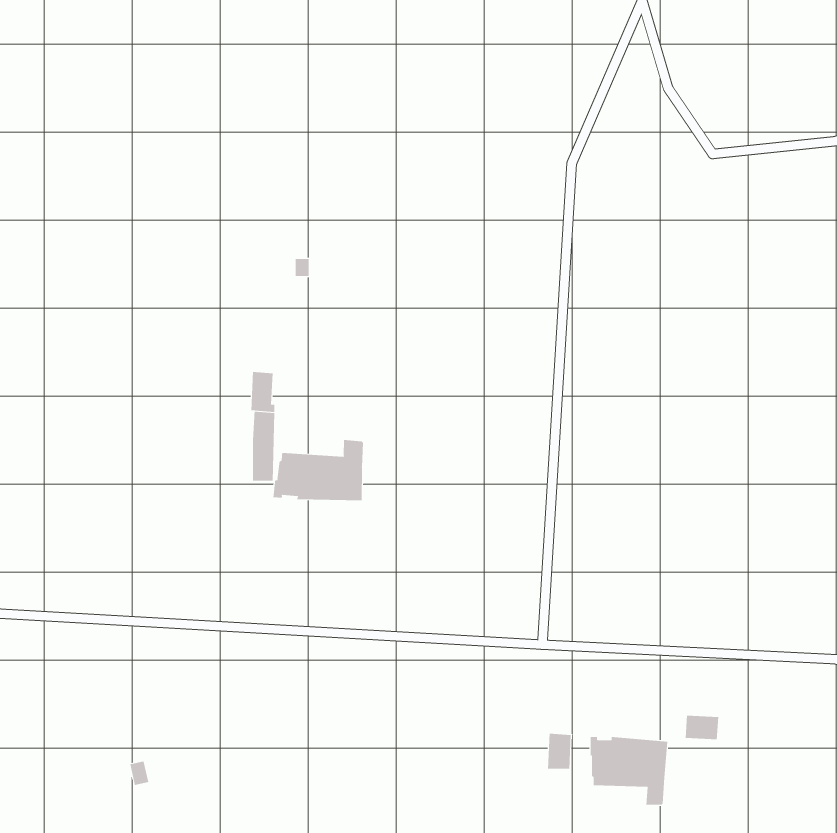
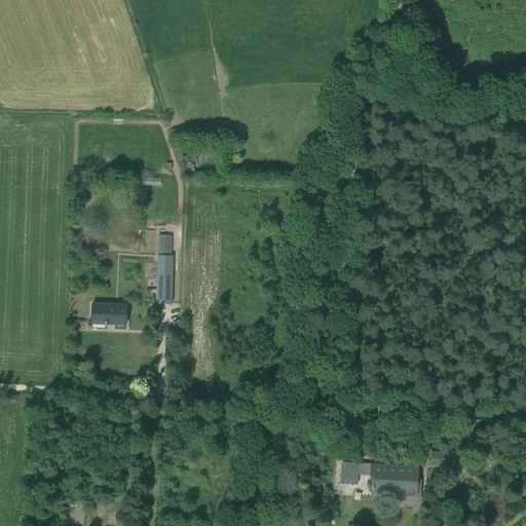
building: [273,439,364,501] -> none
building: none -> [91,302,126,325]

